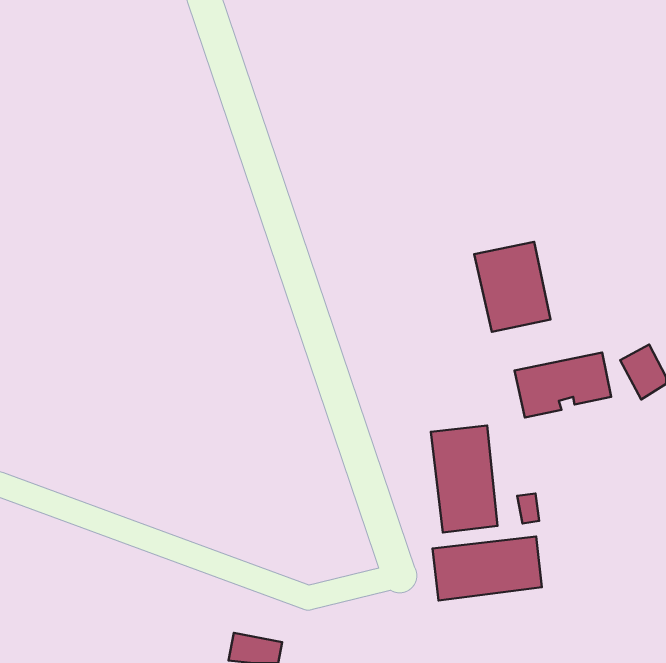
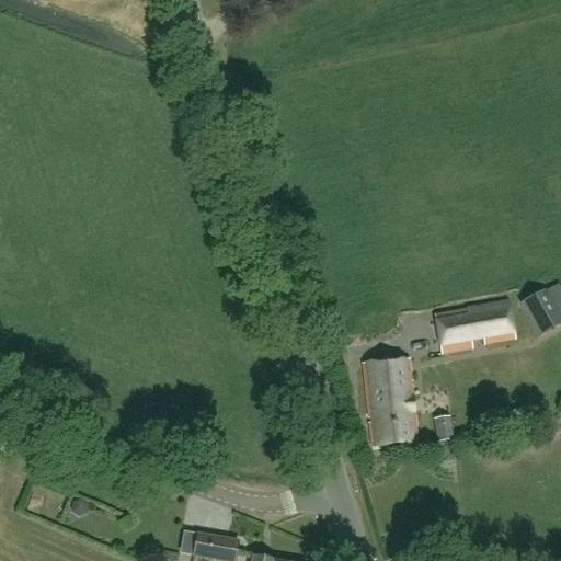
building: [474,242,550,332] -> none
building: [432,537,542,600] -> none

